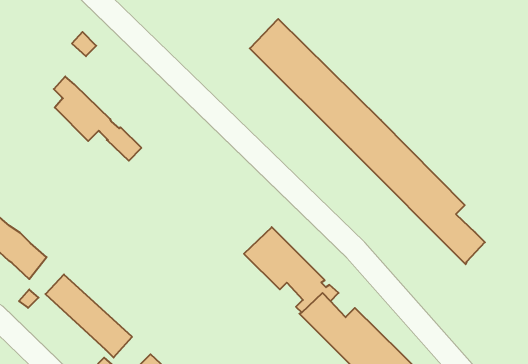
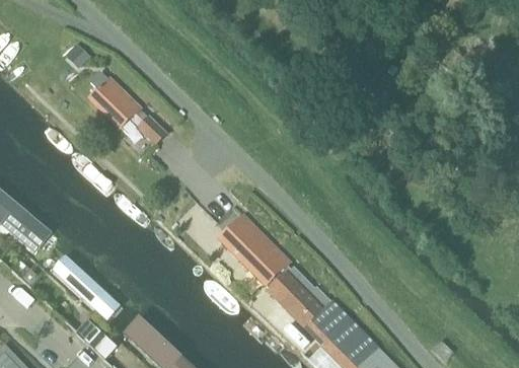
building: [250,19,485,264] -> none
building: [54,76,141,161] -> [90,68,167,142]

